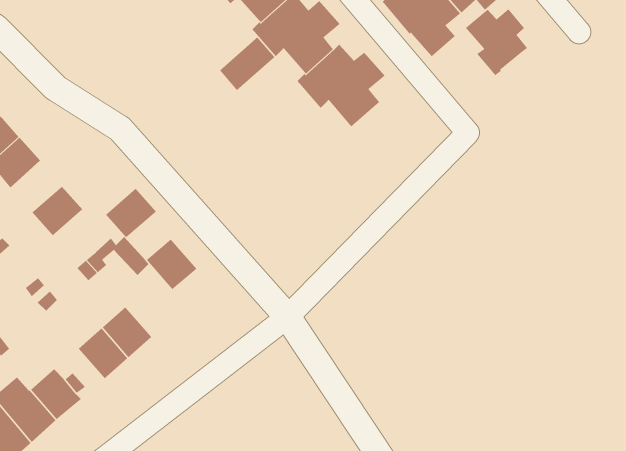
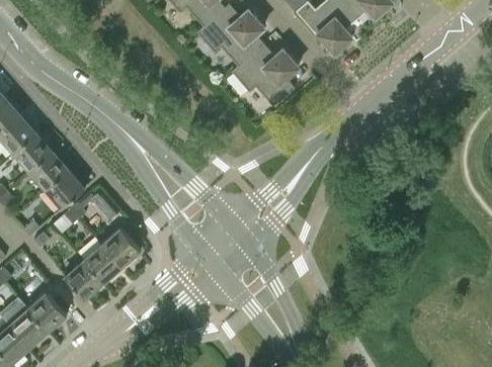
building: [465,8,528,76] -> none
building: [219,36,275,91] -> none
building: none -> [12,132,52,172]
building: [105,188,157,238] -> [45,170,84,208]
building: [146,239,198,290] -> [100,227,140,267]

